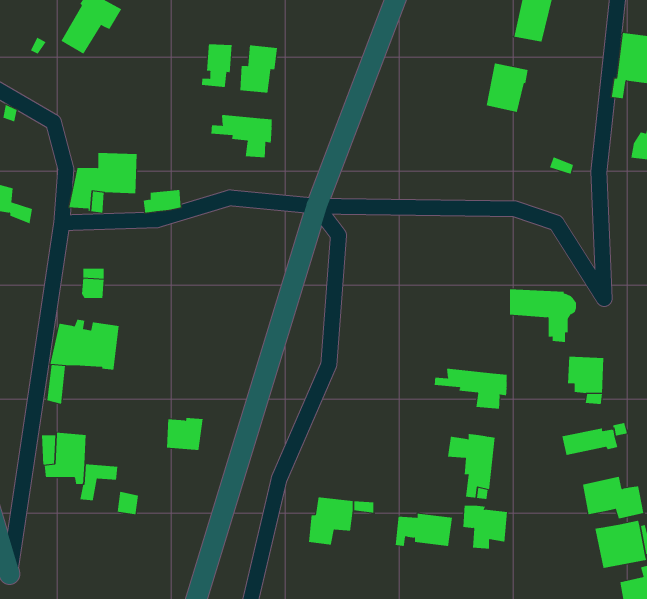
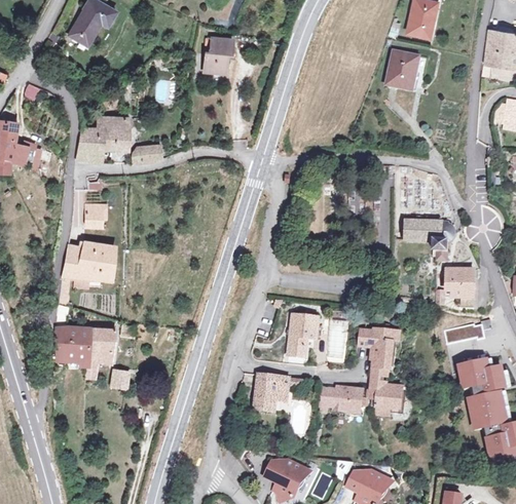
building: [201,43,232,88] -> none
building: [211,114,272,158] -> none
building: [434,368,507,409] -> none
building: none -> [288,313,319,356]
building: [166,417,203,451] -> [87,326,115,351]

